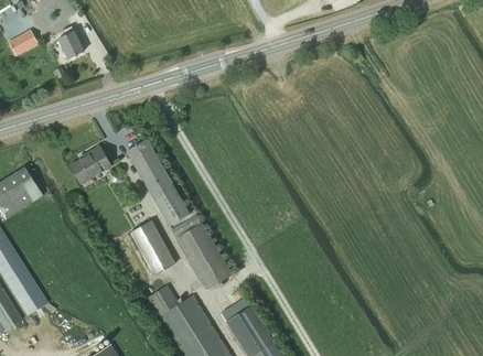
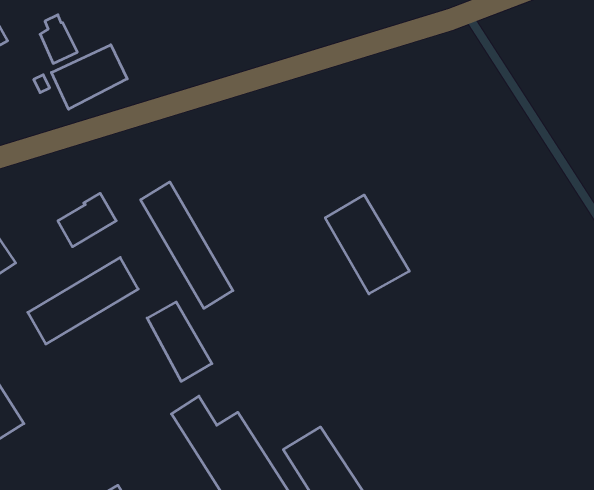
building: none -> [51,45,127,109]
building: none -> [28,257,138,344]
building: [174,223,232,290] -> [325,195,409,294]

